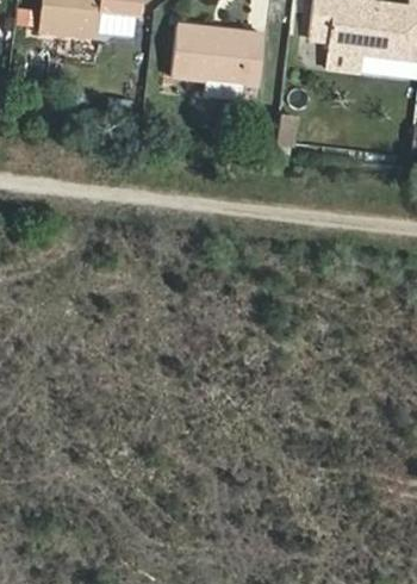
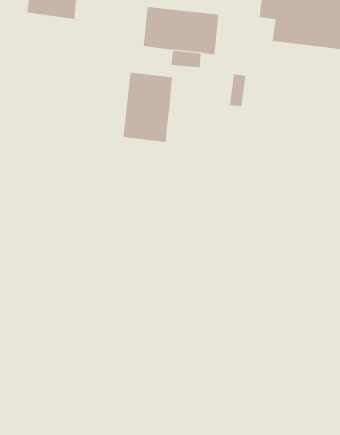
building: none -> [123,72,172,143]

